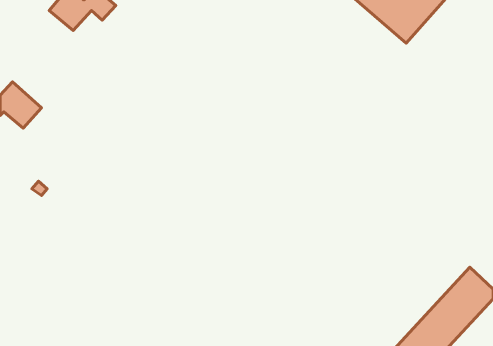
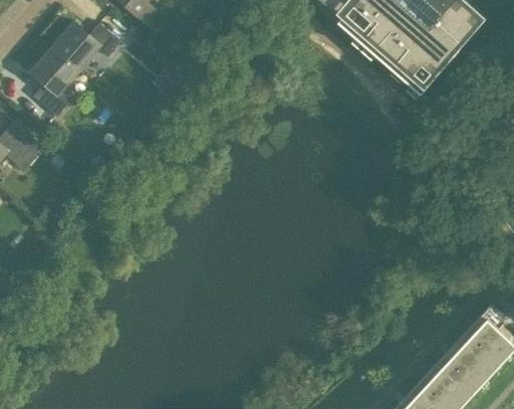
building: none -> [30,49,76,119]

